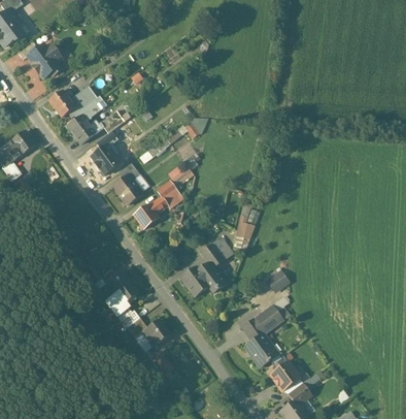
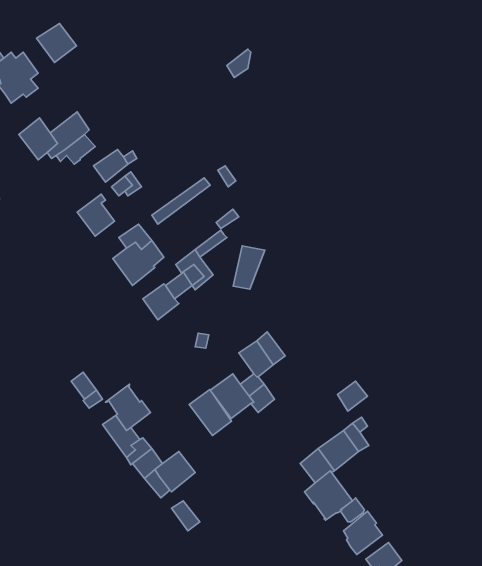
building: none -> [37,23,76,63]
building: [68,115,98,143] -> none
building: [233,221,255,251] -> [233,246,265,289]
building: none -> [189,389,231,436]

